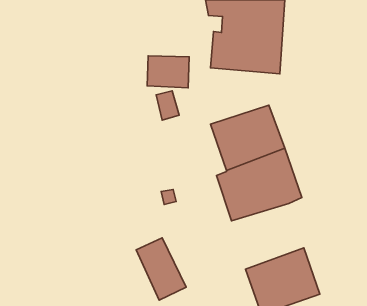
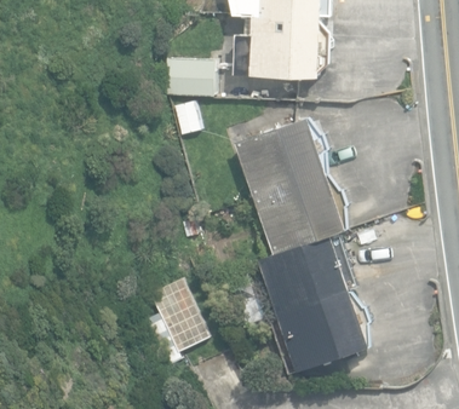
building: none -> [287,250,377,329]

